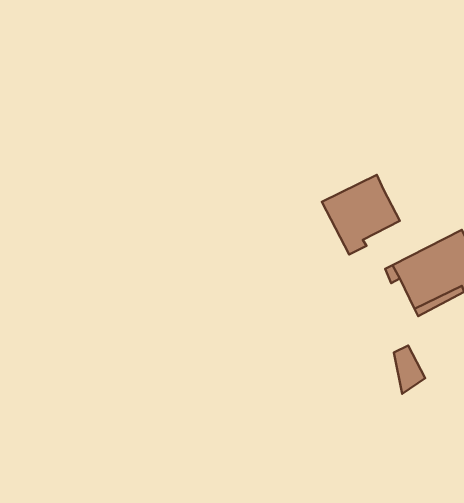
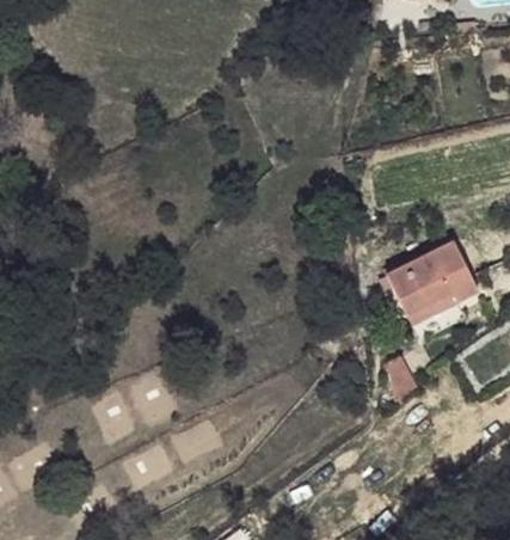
building: [322,175,400,254] -> none

